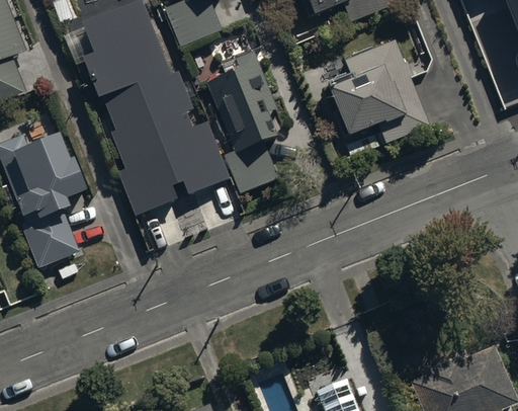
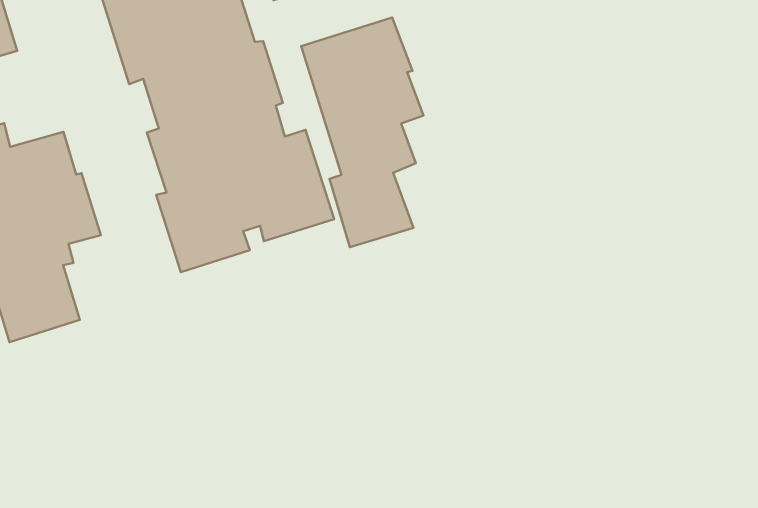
building: [327,34,430,140] -> none

